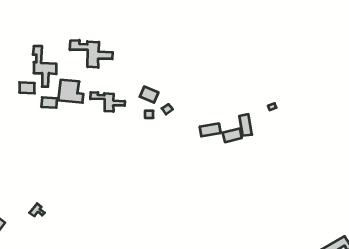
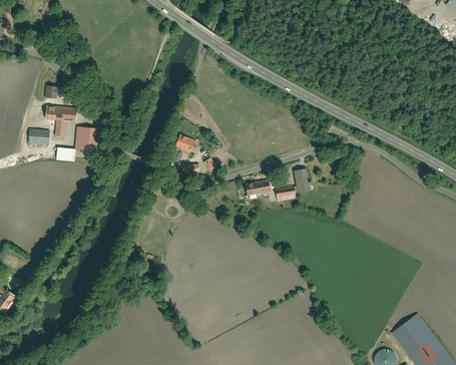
building: [70,40,113,68] -> none
building: [90,92,125,112] -> none

